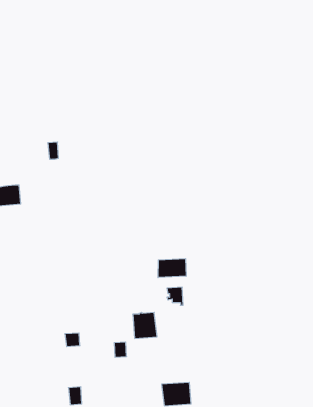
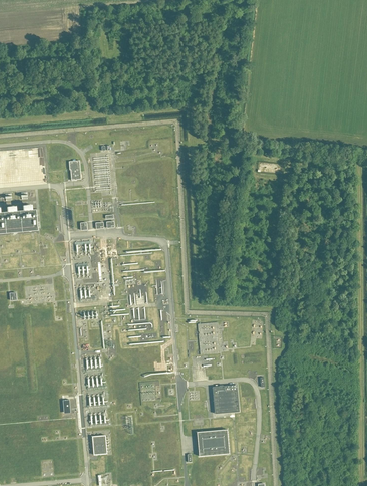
building: [158,259,186,278] -> none
building: [133,312,157,338] -> [211,385,238,414]

